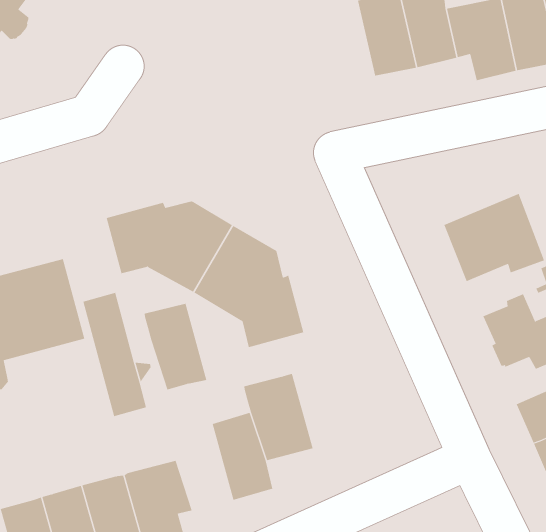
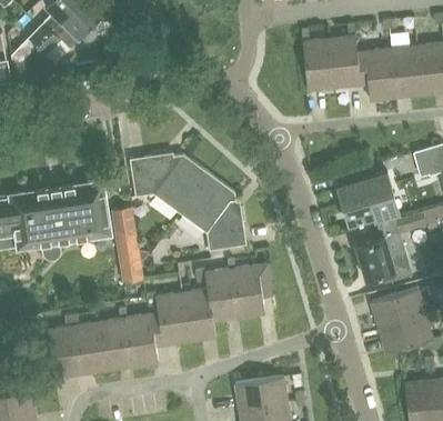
building: [144,303,207,390] -> [155,294,190,347]
building: none -> [235,263,272,317]

